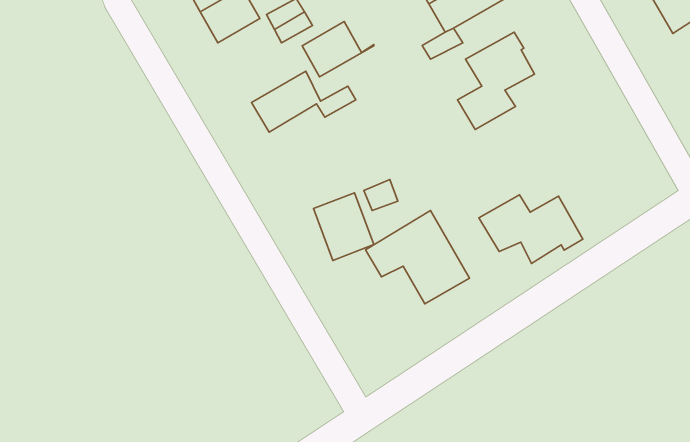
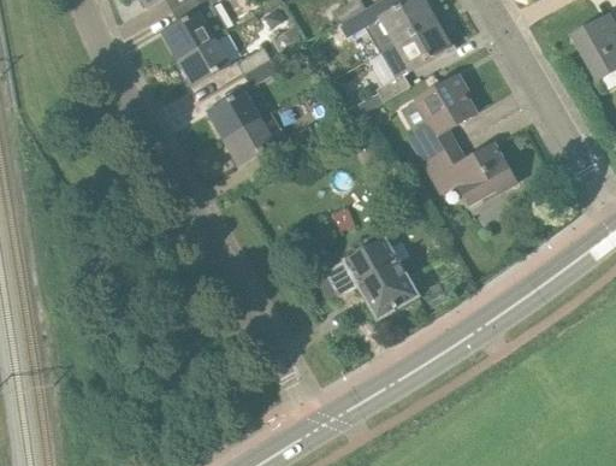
building: [302,22,374,77] -> [208,89,272,138]
building: [313,193,374,261] -> none
building: [479,195,583,264] -> [422,142,515,203]

